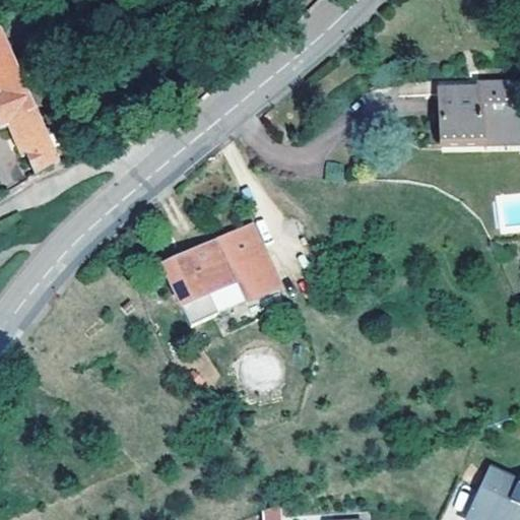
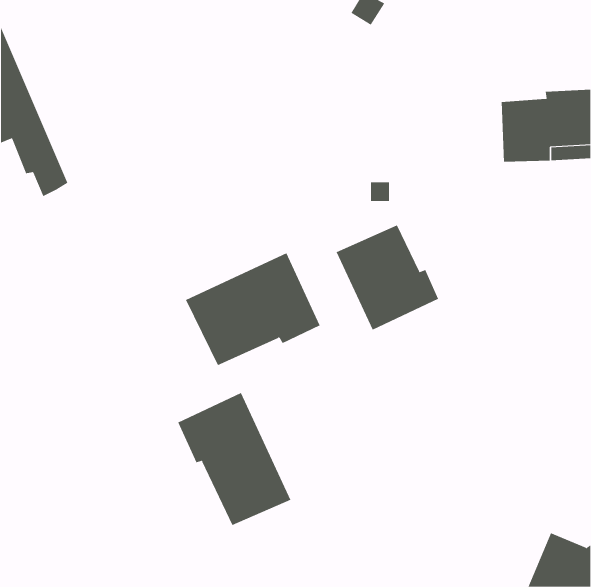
building: none -> [336,224,439,331]
building: none -> [178,392,291,526]

